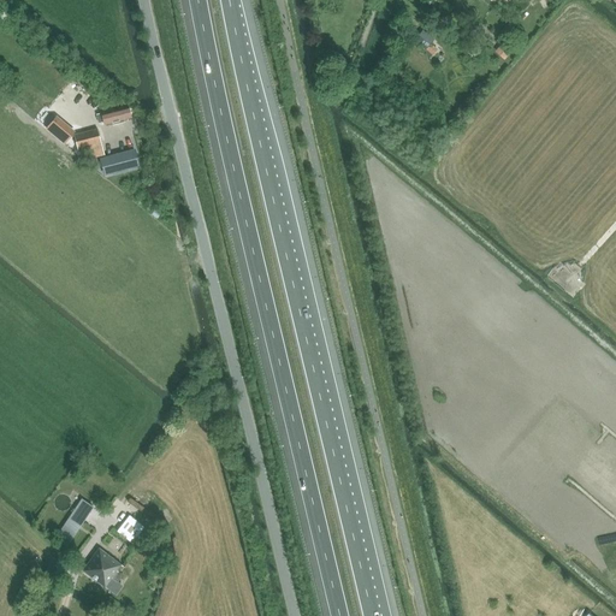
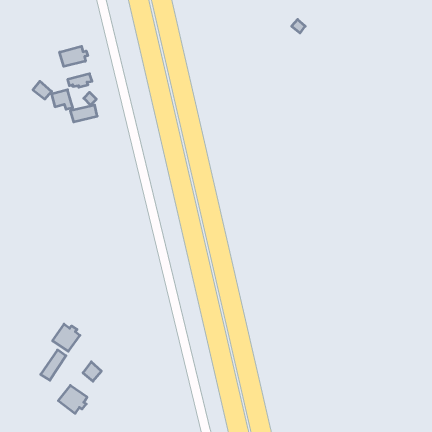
building: none -> [60,46,88,66]
building: none -> [53,324,80,351]

